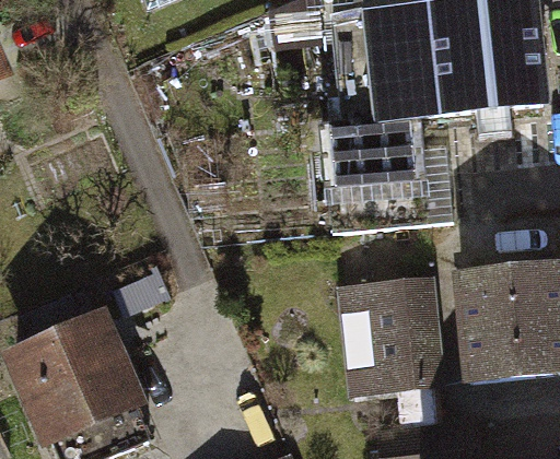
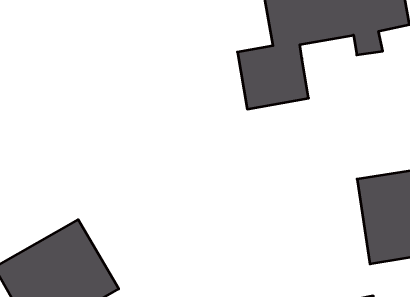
building: [335,283,442,403] -> none

